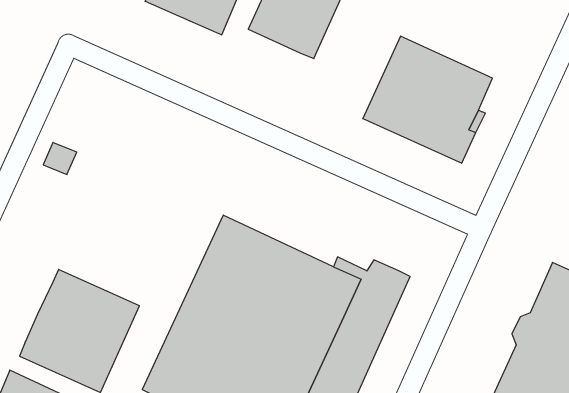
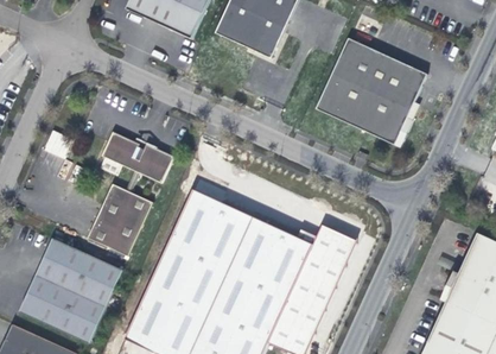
building: none -> [87,129,174,254]

